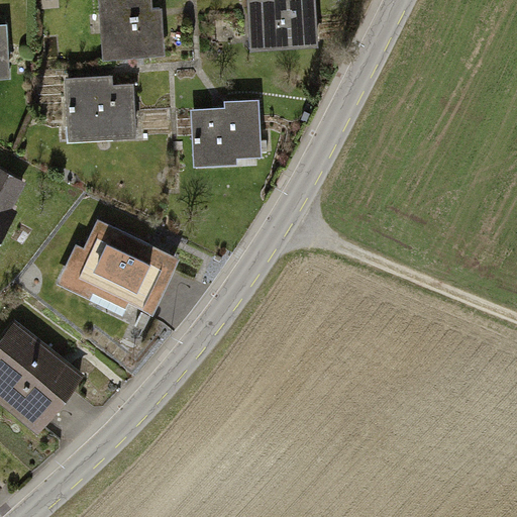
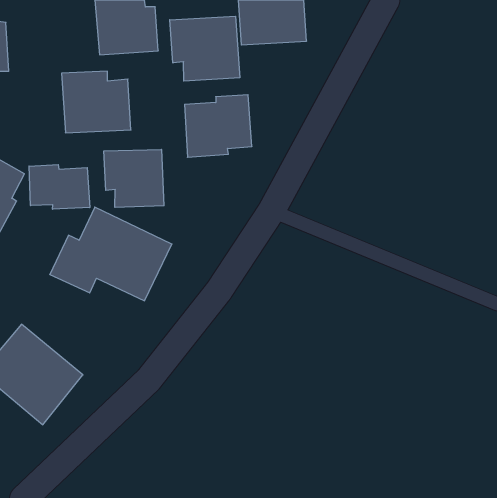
building: none -> [170,16,240,81]
building: none -> [104,149,164,207]
building: none -> [29,165,90,209]

